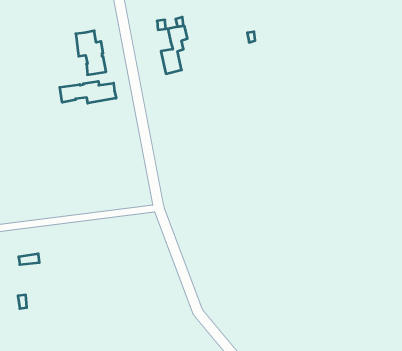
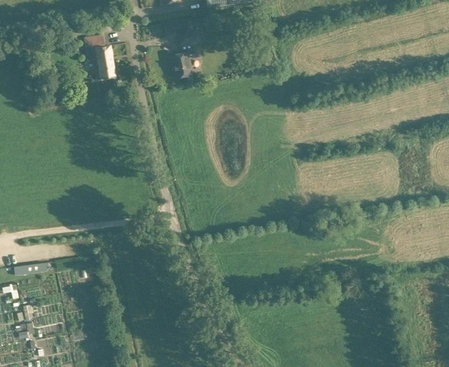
building: [60,81,116,103] -> none

